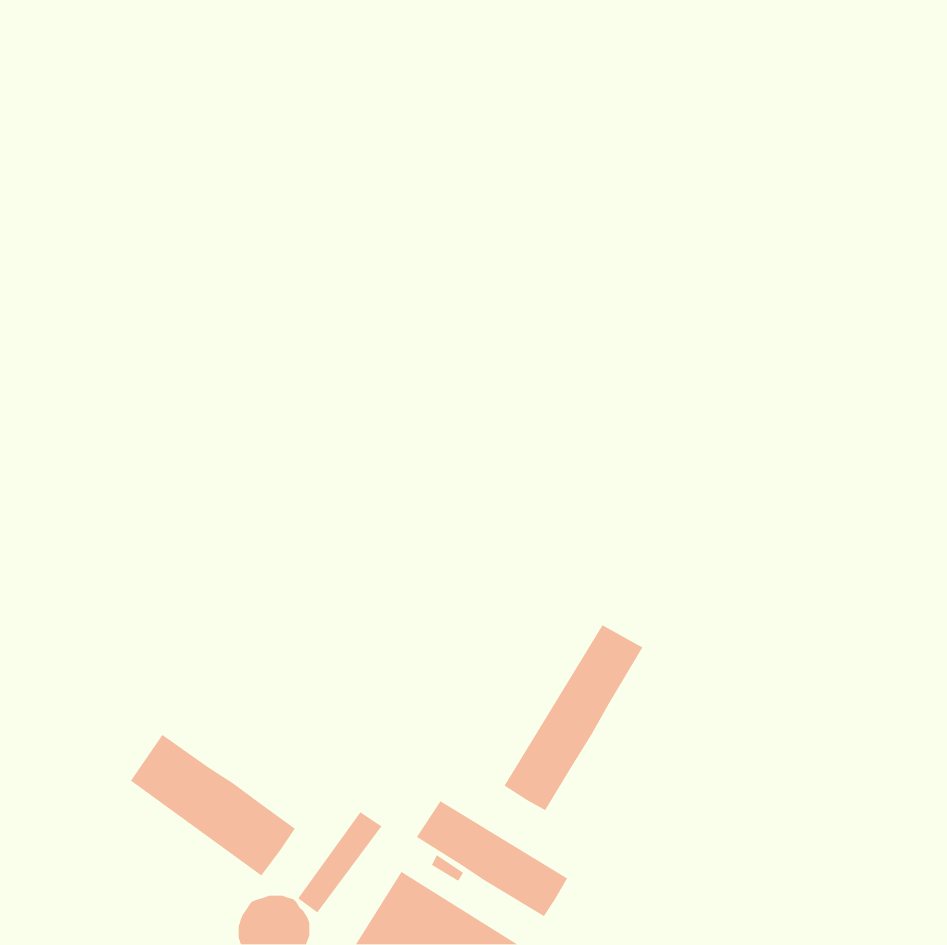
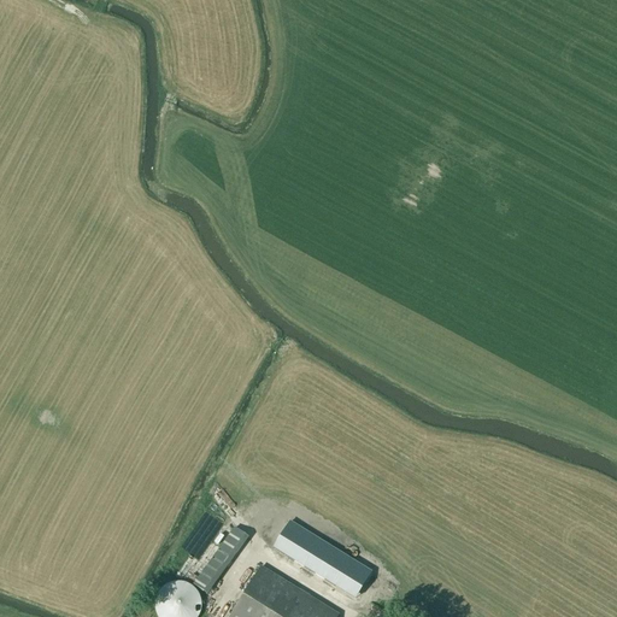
building: [504,624,643,811] -> none
building: [130,734,296,876] -> none

